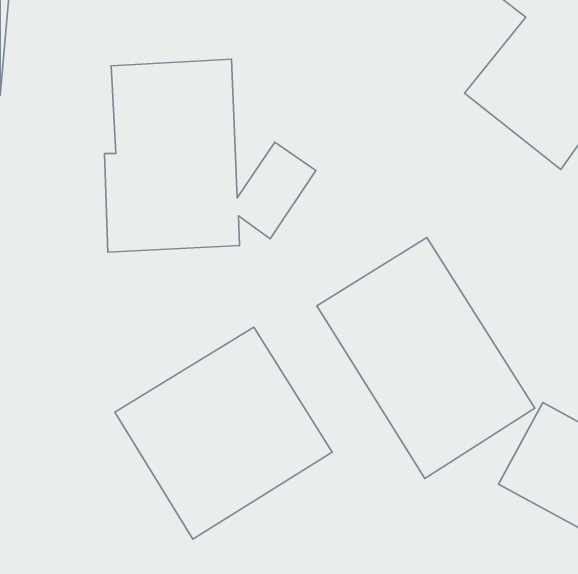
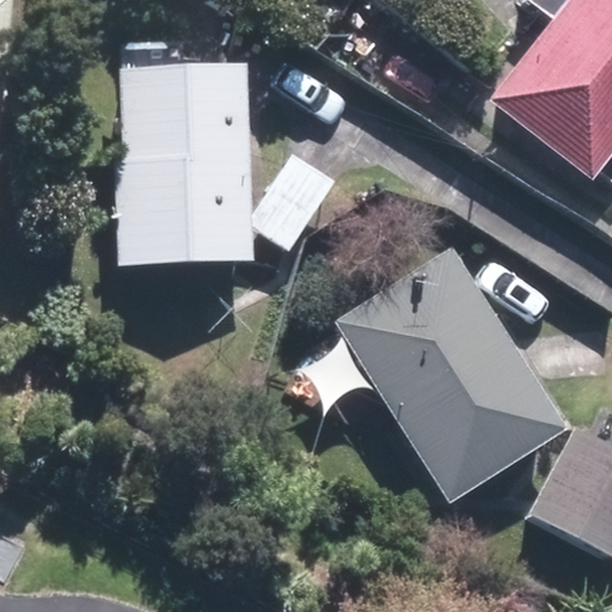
building: [115,327,332,539] -> none

